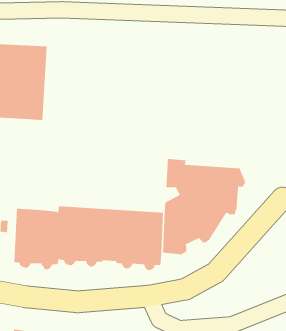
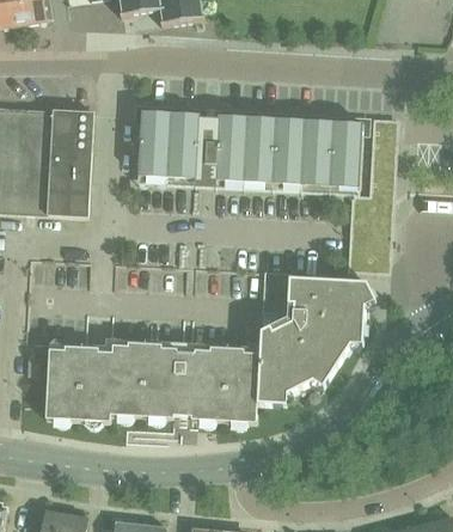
building: none -> [137,111,361,189]

